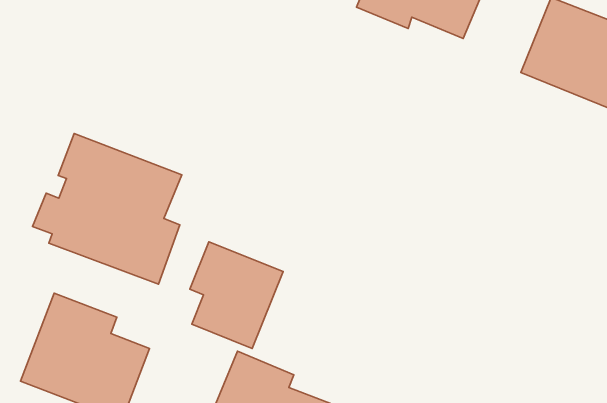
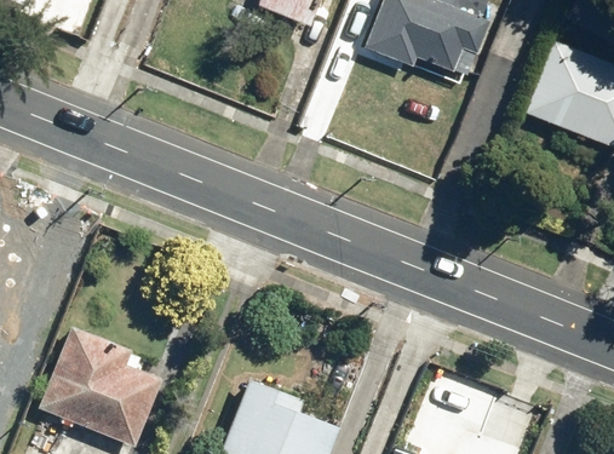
building: [33,134,182,284] -> none
building: [190,242,283,348] -> none

